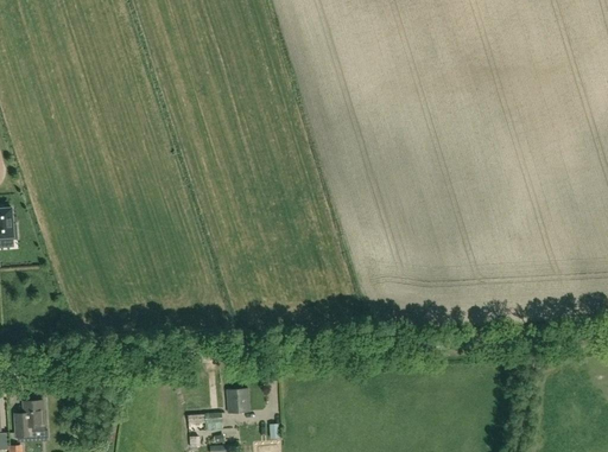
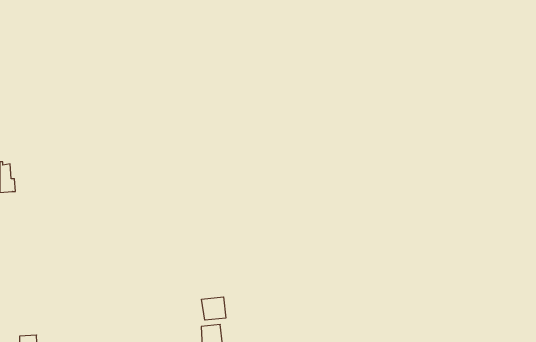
building: none -> [202,297,226,320]

